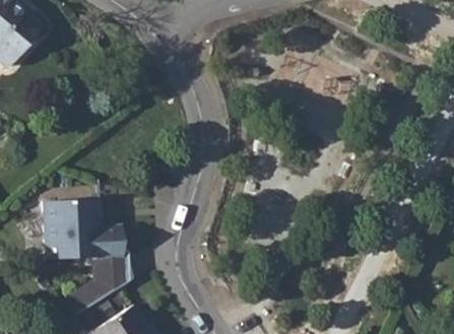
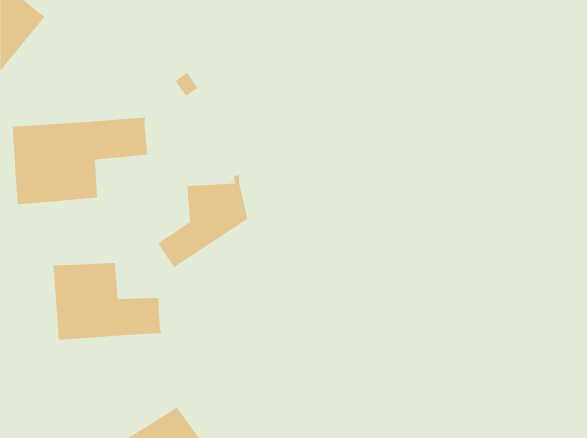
building: none -> [12,117,148,205]
building: [66,249,132,317] -> [157,174,248,268]

